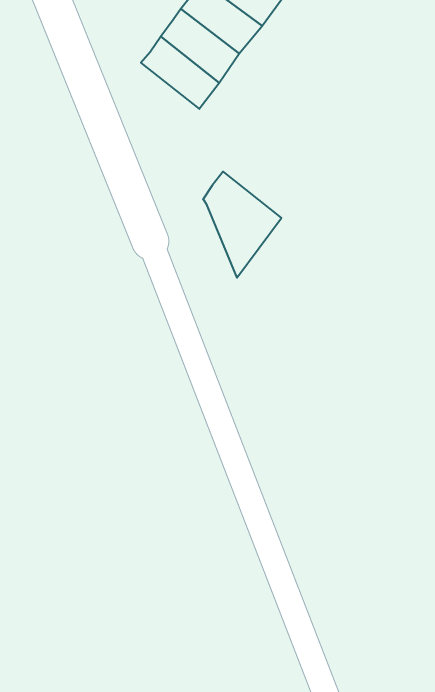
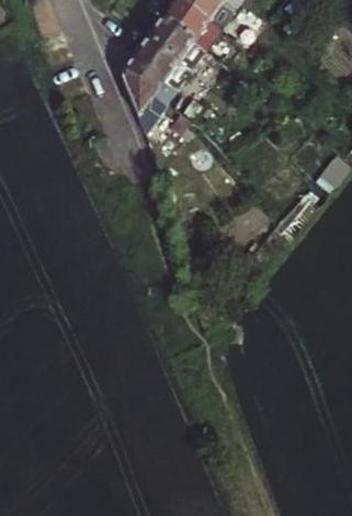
building: [203,172,281,278] -> [121,52,177,127]

